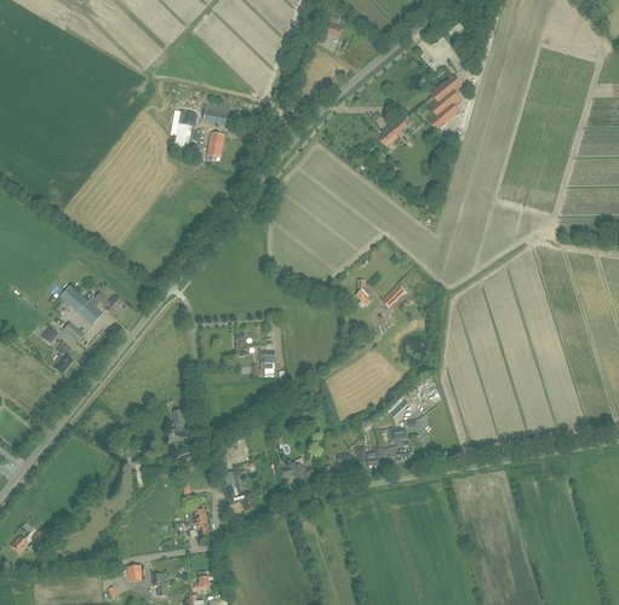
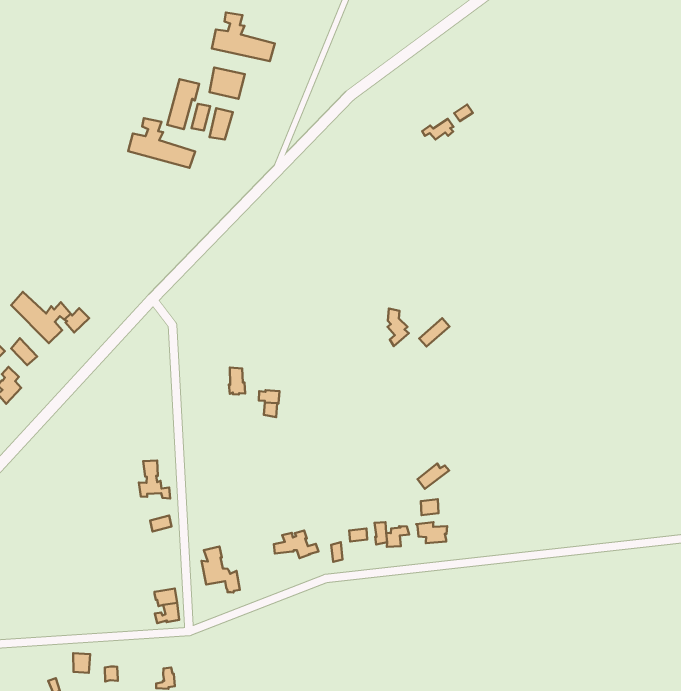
building: none -> [212,12,275,61]
building: [425,76,463,131] -> none
building: none -> [128,118,195,168]

